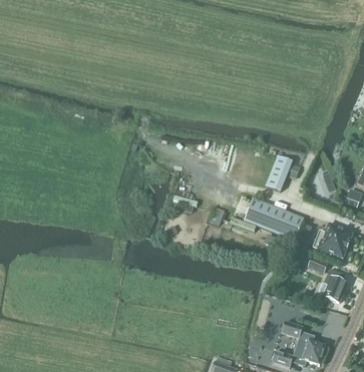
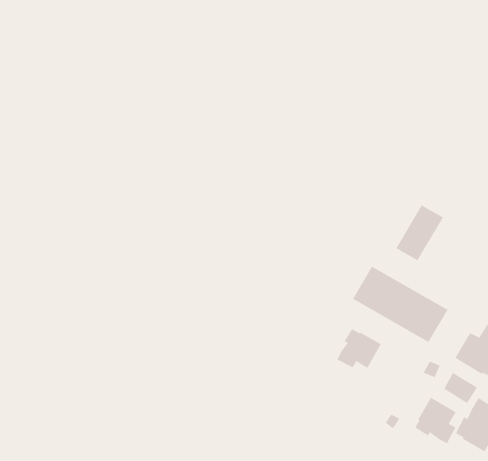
building: none -> [336,328,382,369]
building: none -> [414,397,457,444]

